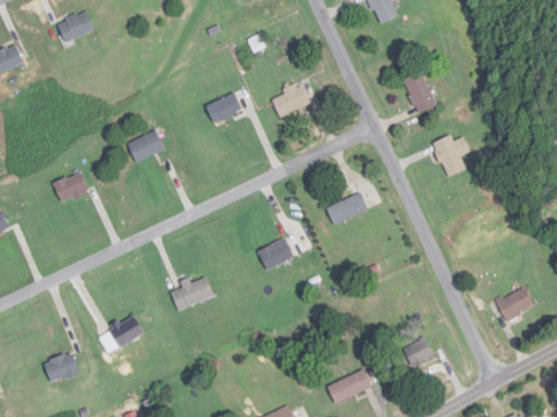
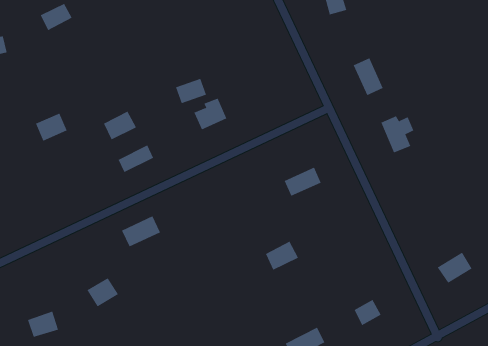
building: [272,82,309,118] -> [194,98,227,130]
building: none -> [118,145,154,173]
building: [53,171,89,203] -> [35,113,68,141]
building: [258,237,295,270] -> [265,241,299,271]
building: [171,275,214,310] -> [121,216,161,247]

